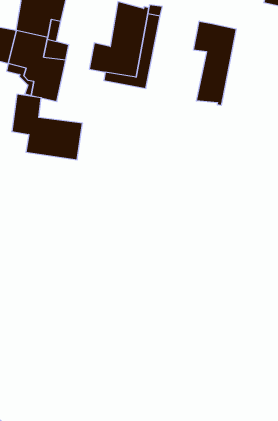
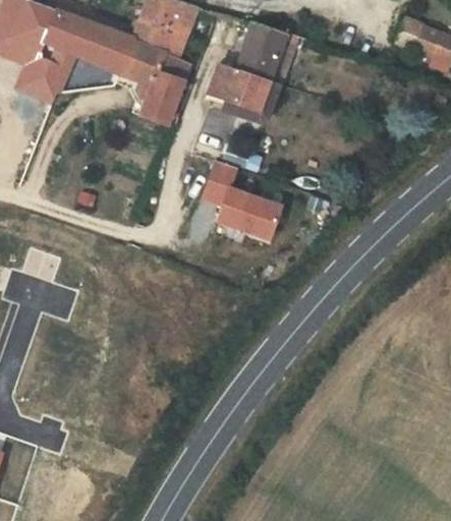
building: [194,21,236,105] -> none
building: [12,94,83,160] -> [195,159,276,242]

